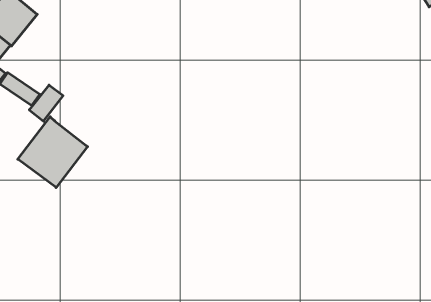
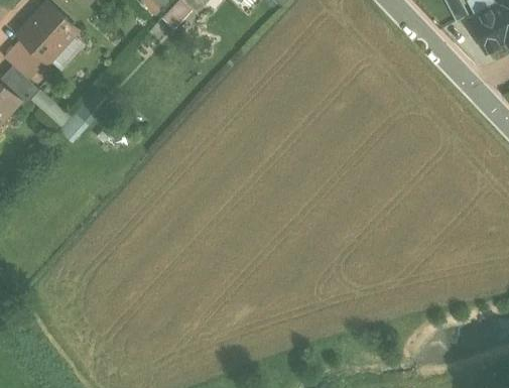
building: [18,117,88,188] -> none

